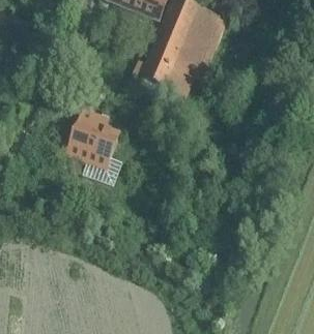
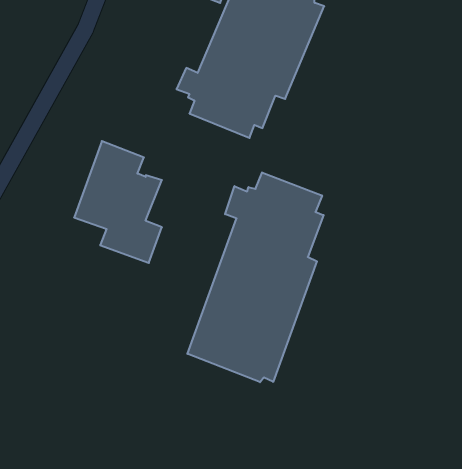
building: none -> [187,172,324,382]

